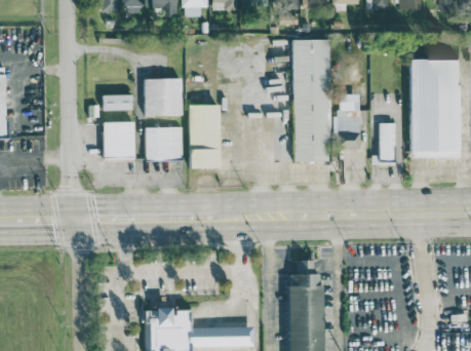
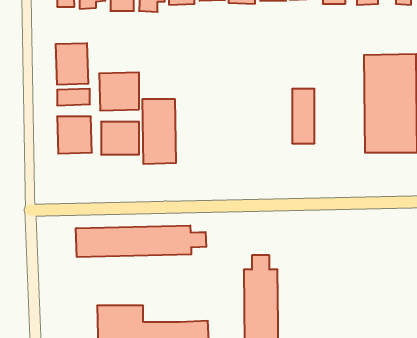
building: [291,39,328,160] -> none
building: none -> [56,43,88,85]
building: [379,122,397,164] -> none
building: none -> [76,225,206,257]

